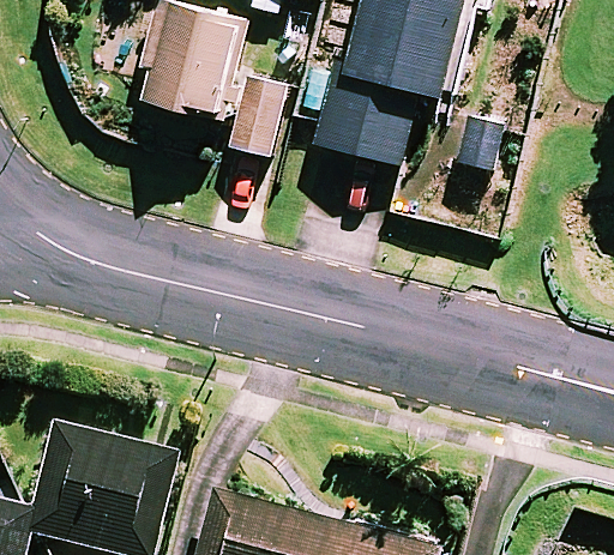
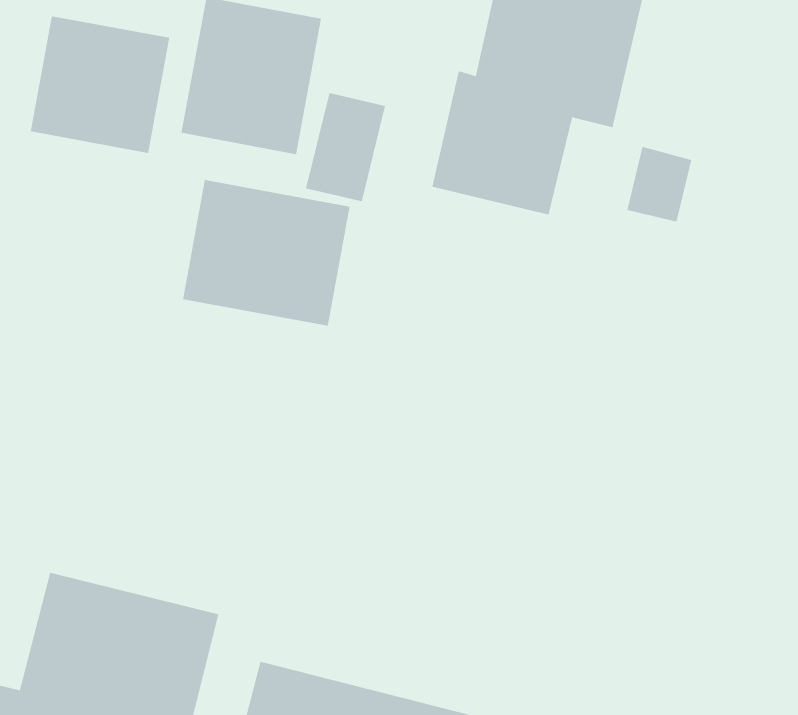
building: none -> [30,15,170,154]
building: none -> [182,179,350,327]

